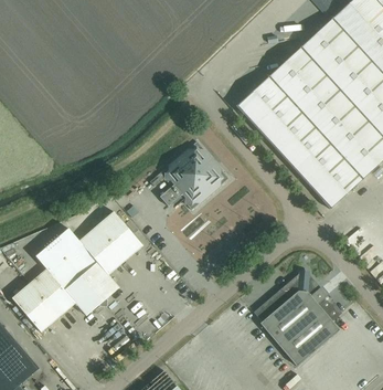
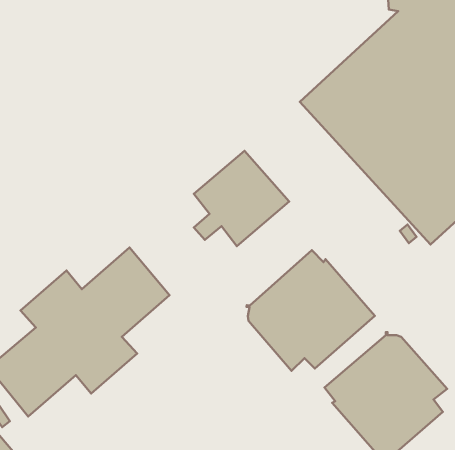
building: none -> [247,250,375,371]

